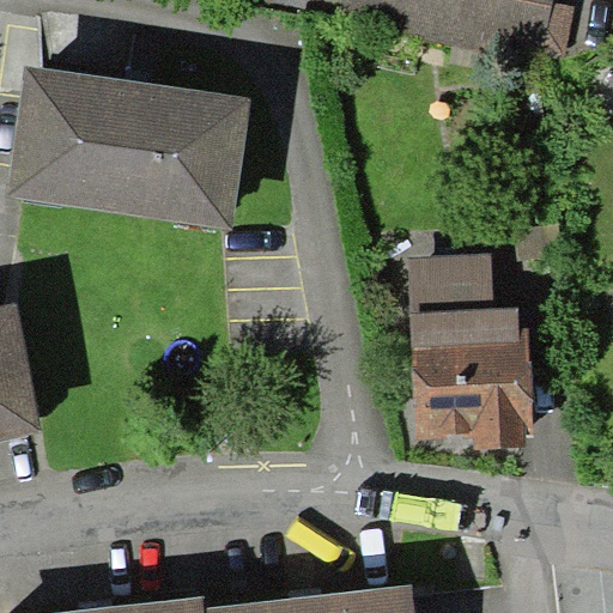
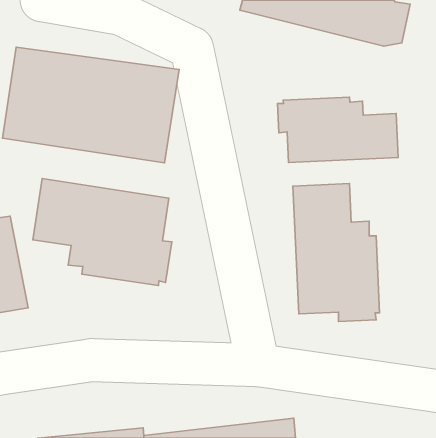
building: none -> [278,97,398,163]
building: none -> [33,179,172,286]

